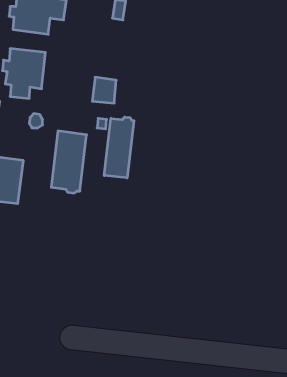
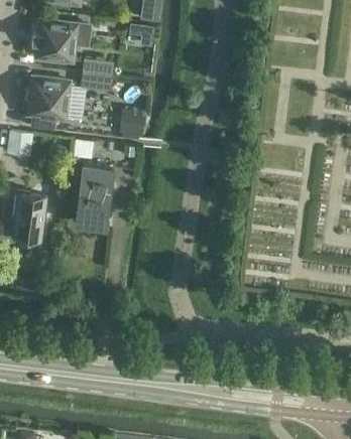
building: none -> [81,60,113,90]
building: [104,117,134,178] -> none

